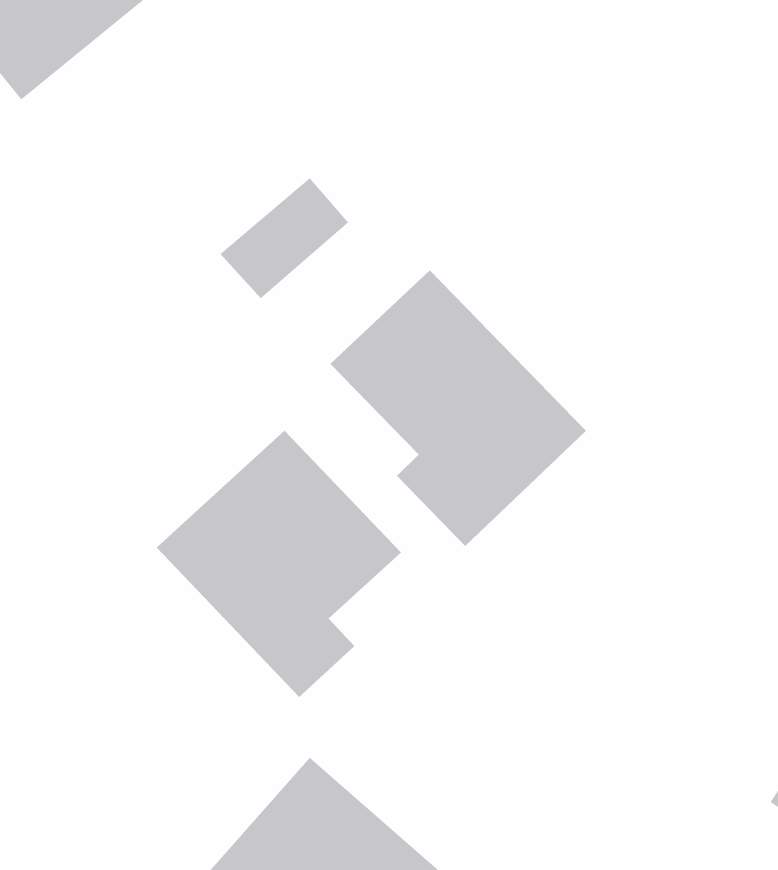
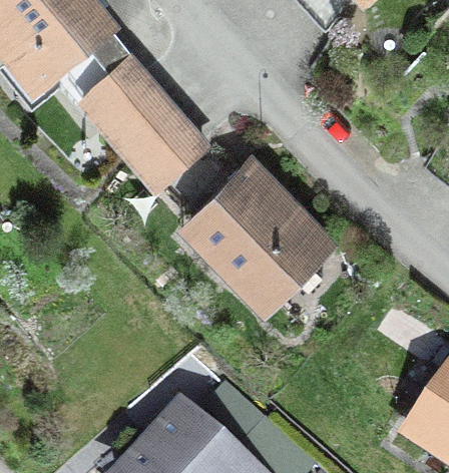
building: none -> [97,40,181,158]
building: [156,430,402,698] -> none

